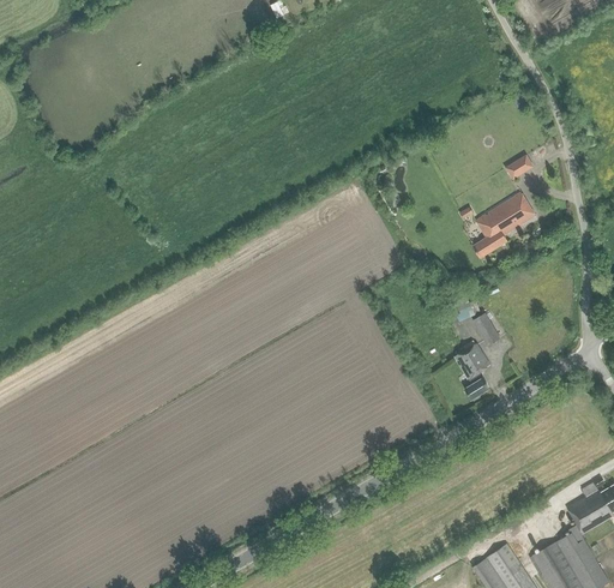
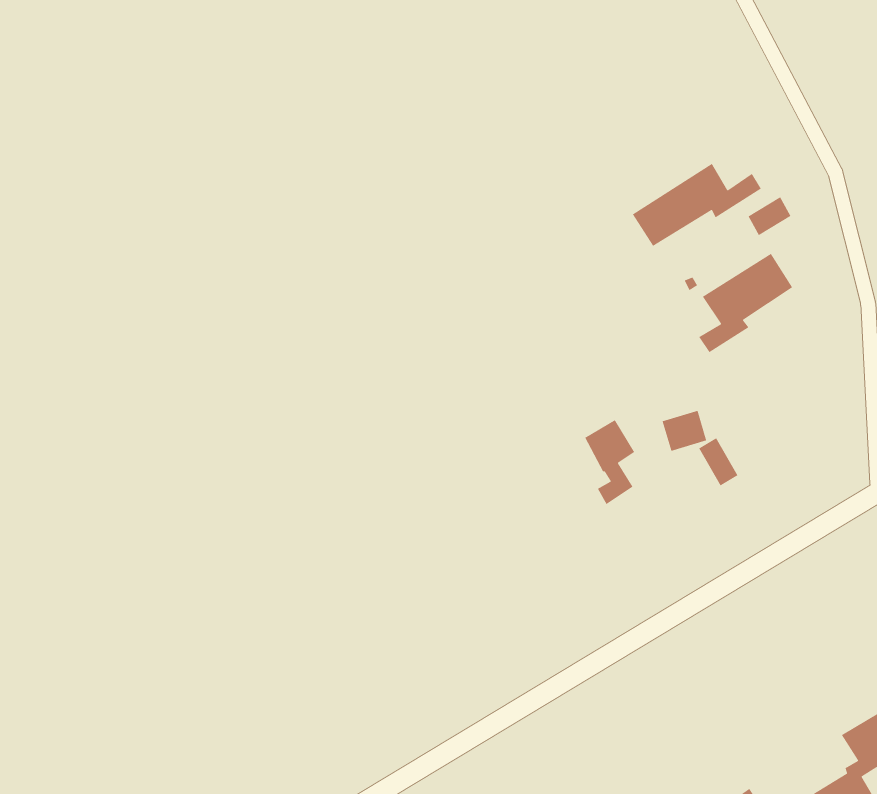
building: none -> [632,163,762,247]
building: [456,344,489,401] -> [584,419,635,505]

